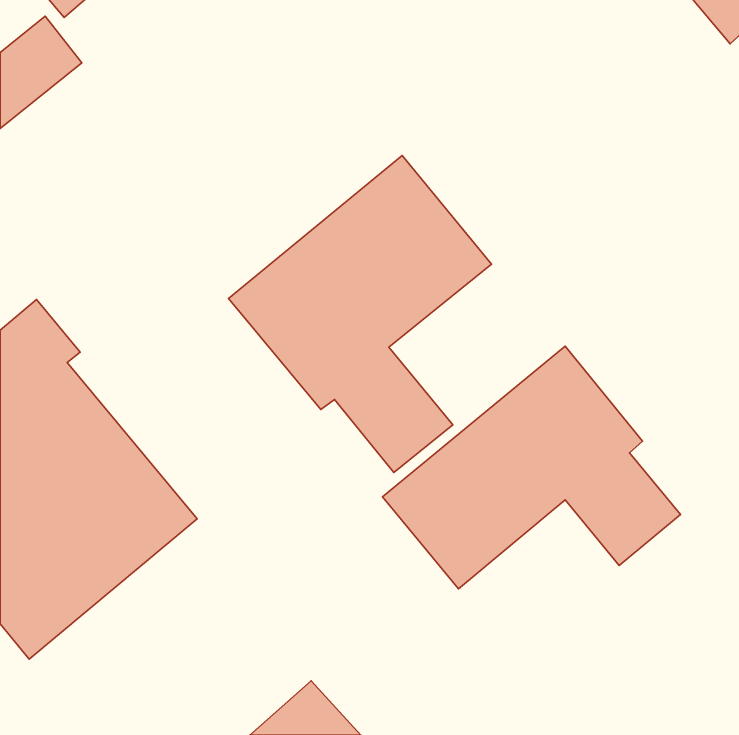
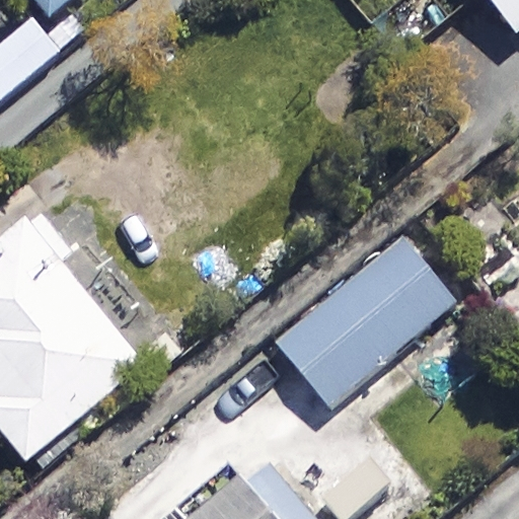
building: [229,155,492,473] -> none

